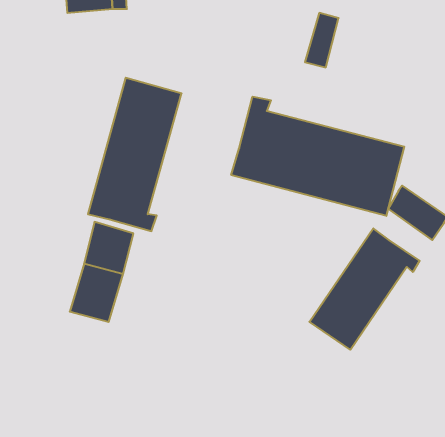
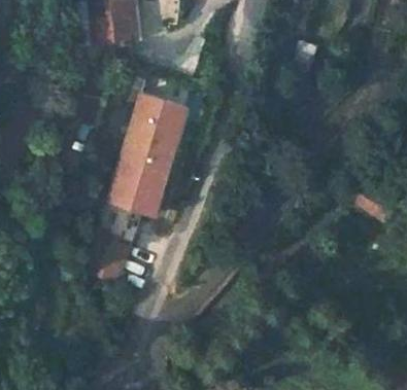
building: [231,97,404,216] -> none
building: [309,228,420,350] -> none

